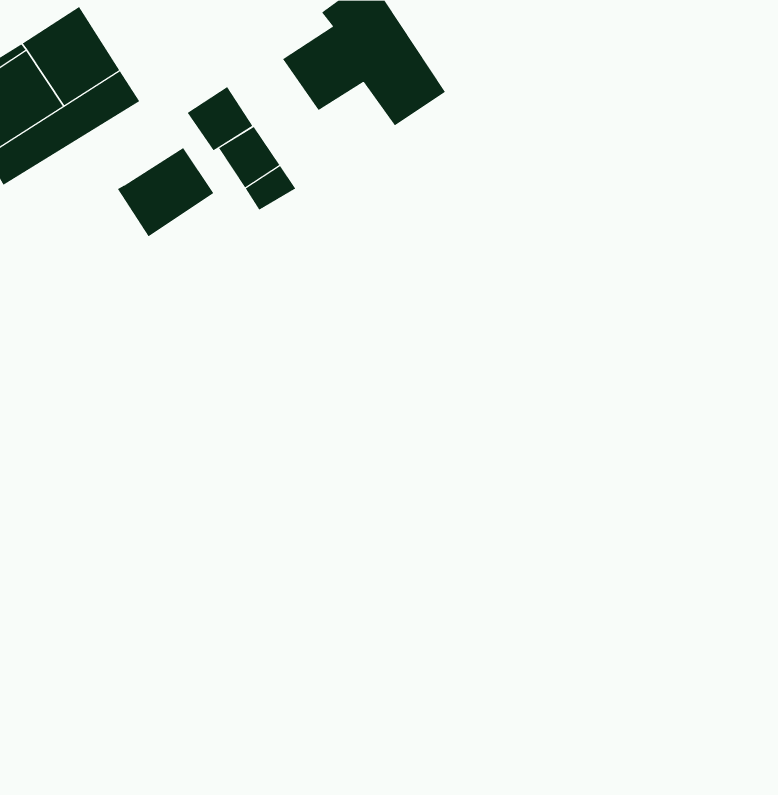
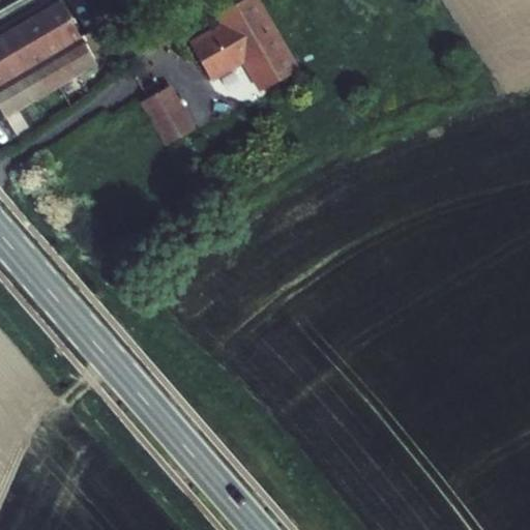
building: [187,86,253,151] -> none
building: [117,147,214,237] -> none

